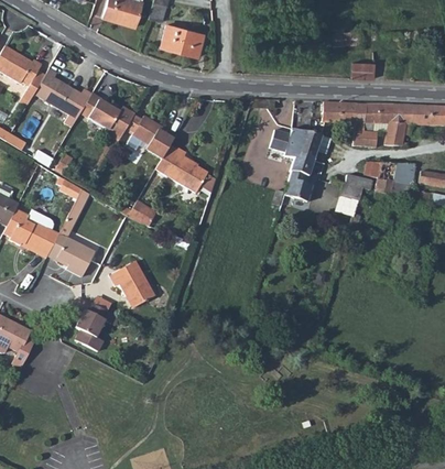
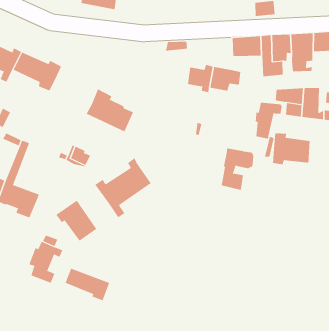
building: [126,114,173,159] -> none
building: [284,153,324,201] -> [221,148,254,191]
building: none -> [272,132,310,165]
building: none -> [95,157,152,218]
building: none -> [65,268,110,301]

